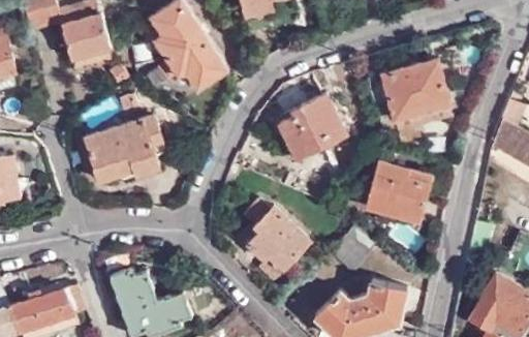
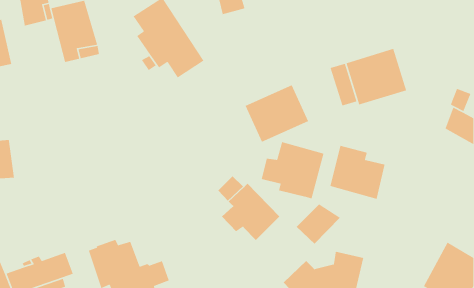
building: [84,116,161,179] -> none
building: none -> [261,141,325,199]

